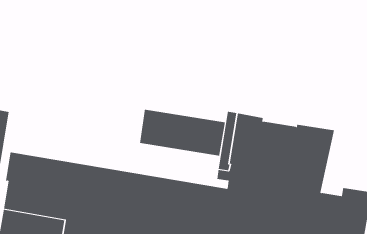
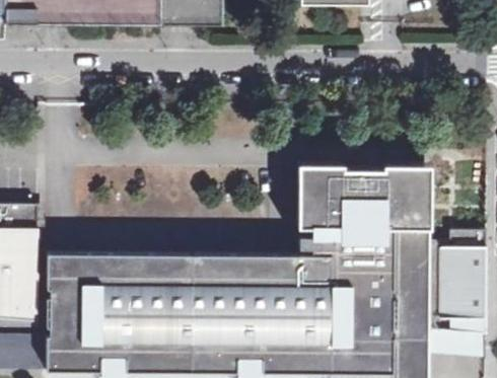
building: [139,109,226,156] -> none

